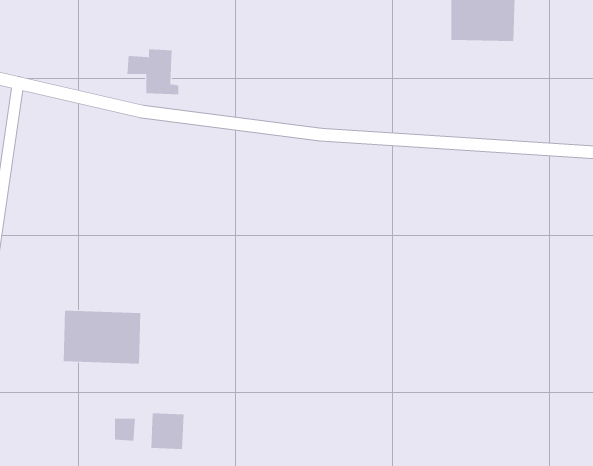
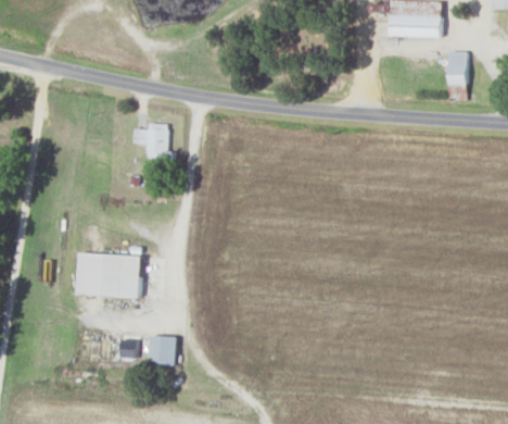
building: [127,49,179,95] -> [131,123,174,160]
building: none -> [448,51,467,100]

